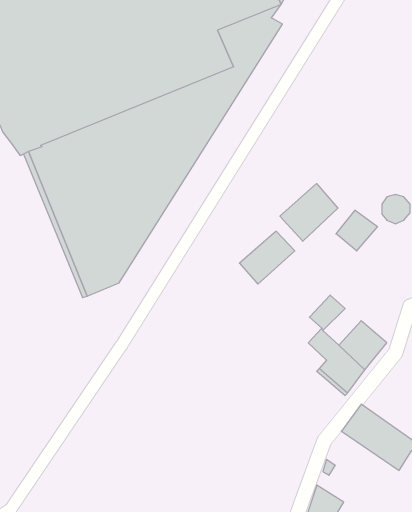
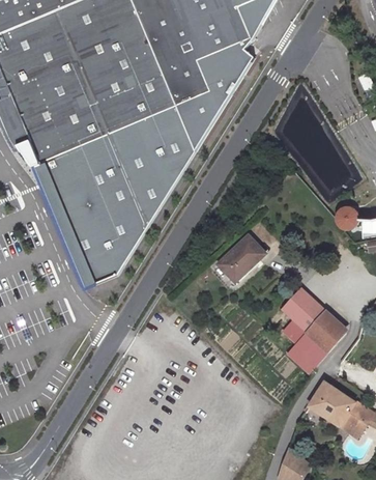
building: [280,184,338,241] -> none
building: [336,210,378,251] -> none
building: none -> [288,299,320,330]

